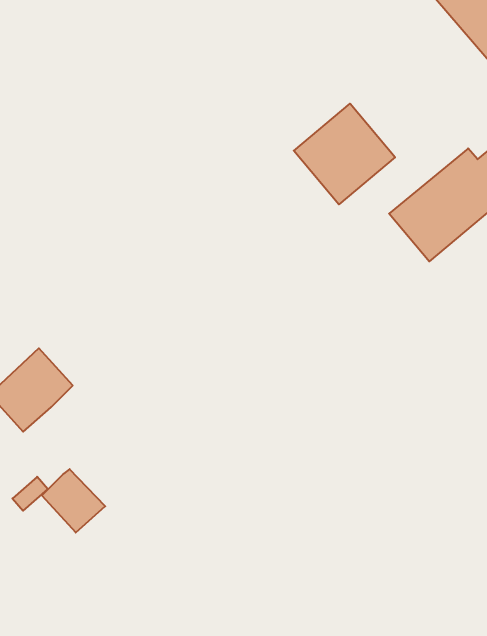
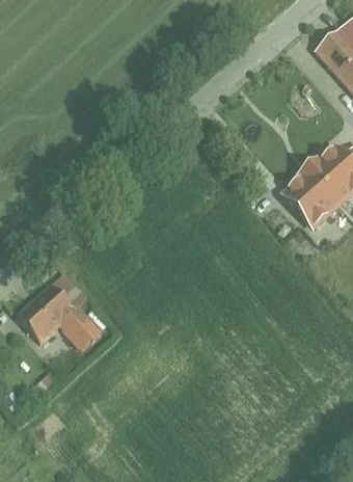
building: [294,104,395,204] -> none
building: [42,469,105,533] -> [59,304,102,347]

